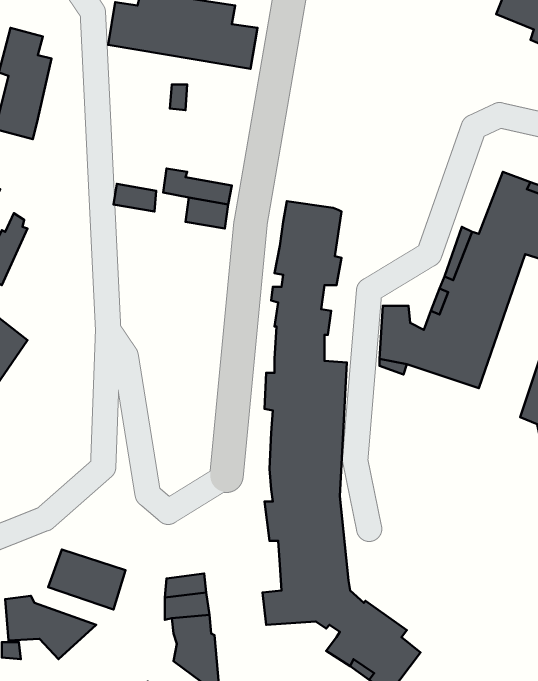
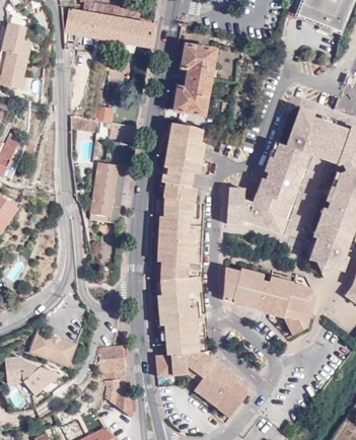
building: none -> [174,45,216,116]
building: none -> [89,158,127,218]
building: none -> [224,266,314,336]

